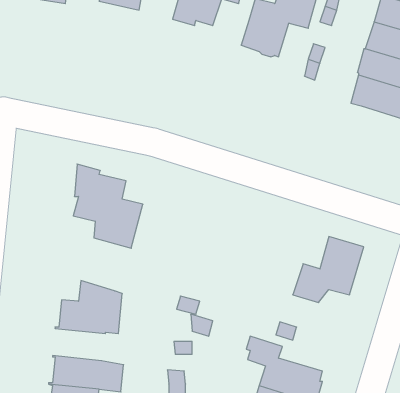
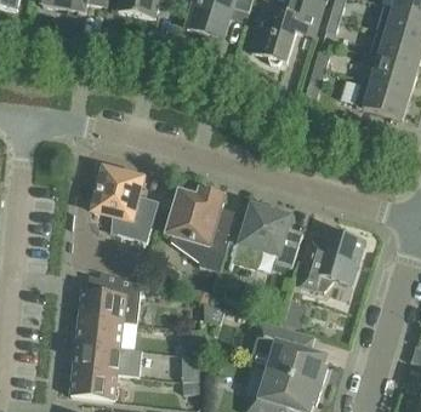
building: none -> [167,189,238,270]
building: none -> [237,205,303,267]
building: none -> [74,315,124,345]

